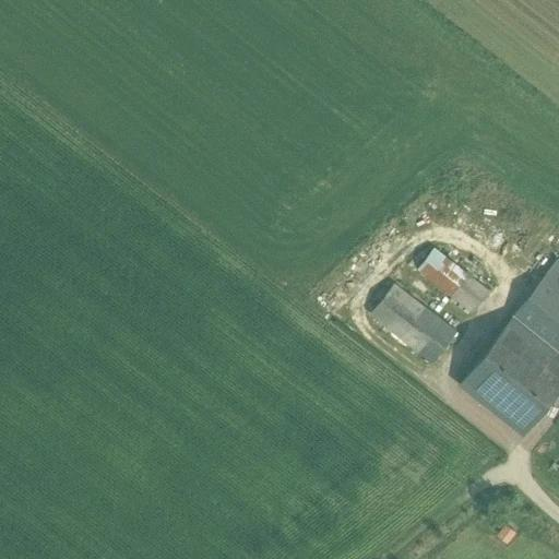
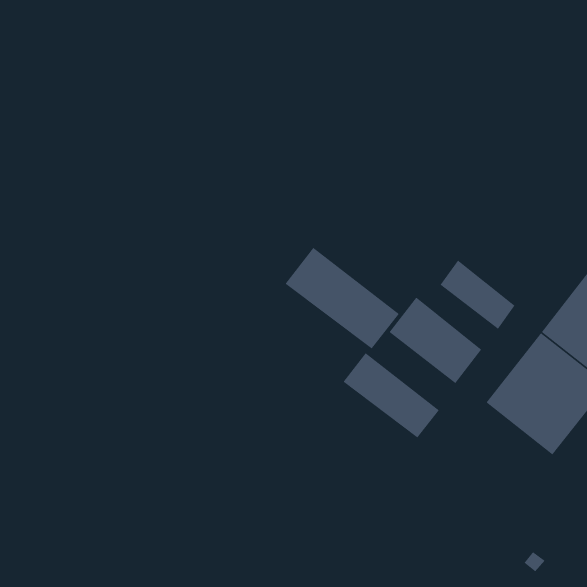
building: none -> [284,247,400,350]
building: none -> [342,352,440,439]

